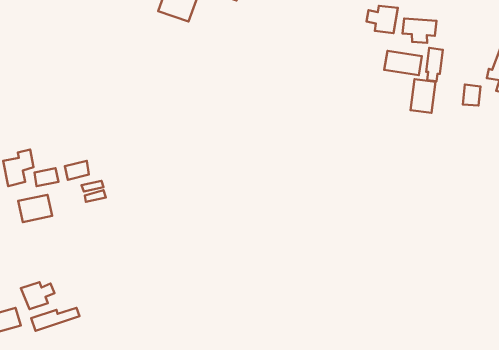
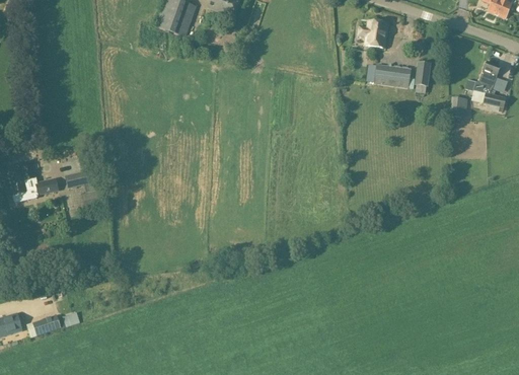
building: [402,18,436,43] -> none
building: [410,79,436,113] -> none
building: [18,195,52,222] -> none
building: [21,282,55,309] -> none

